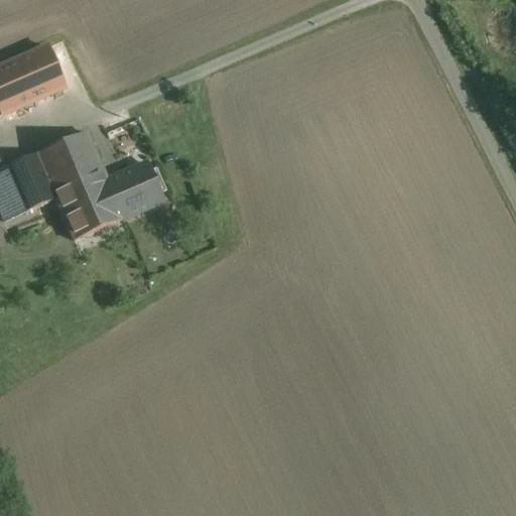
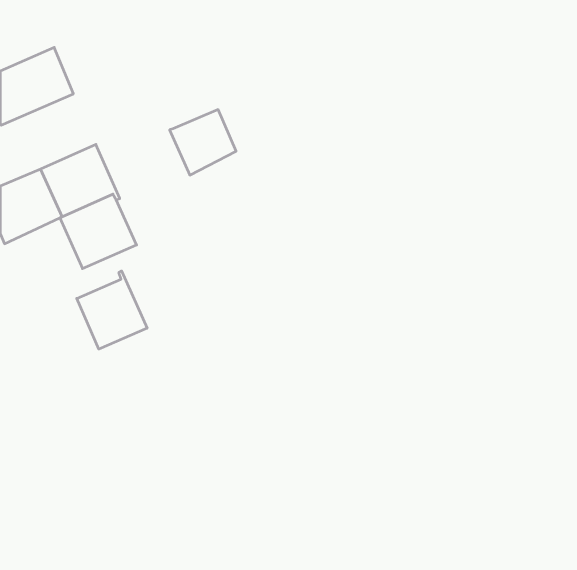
building: [104,160,163,219] -> [170,110,236,175]
building: none -> [77,271,147,349]

